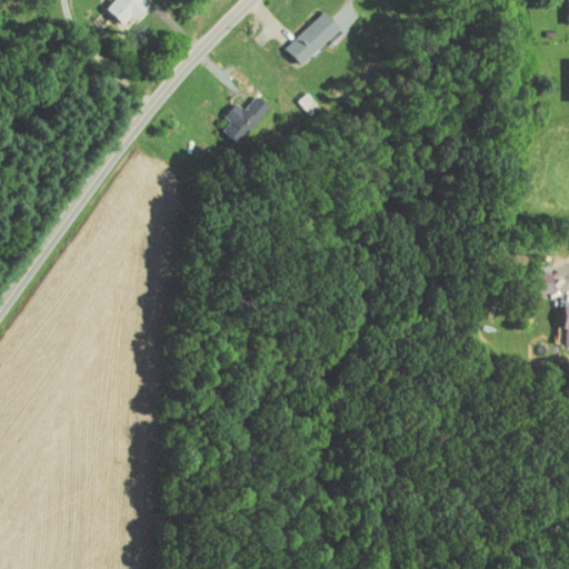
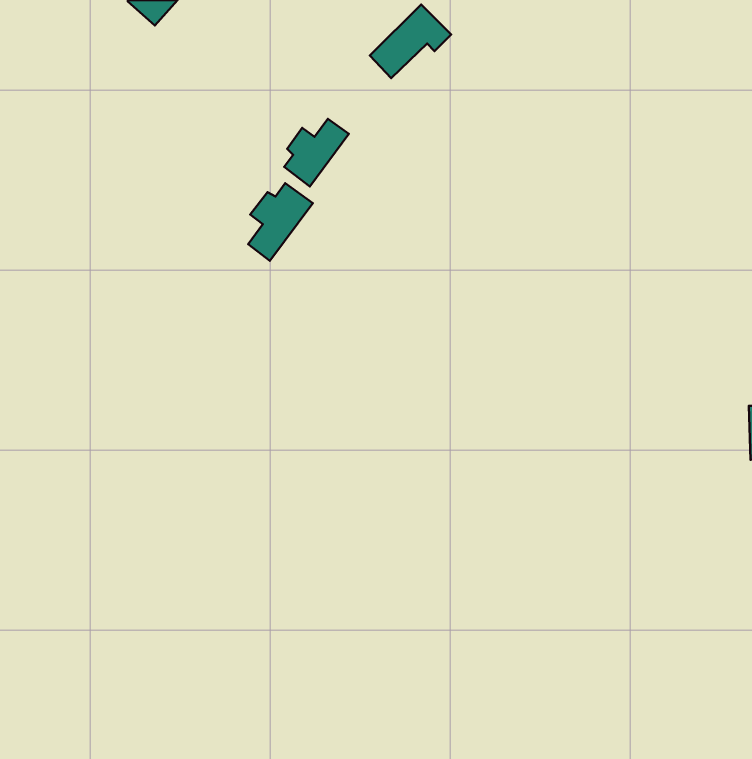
building: none -> [248,183,313,261]

